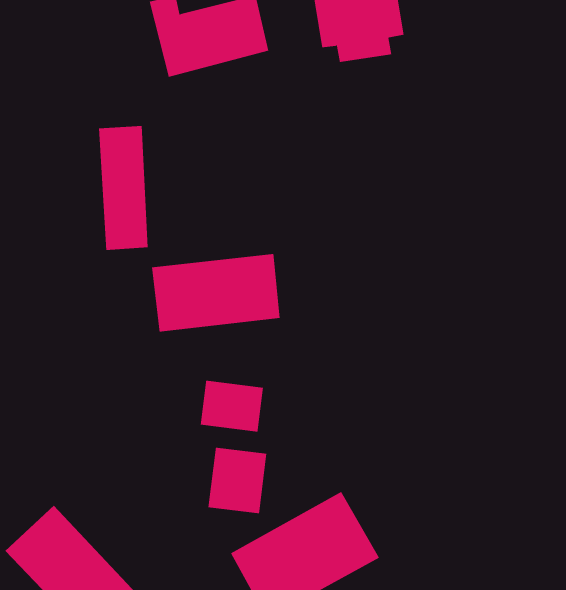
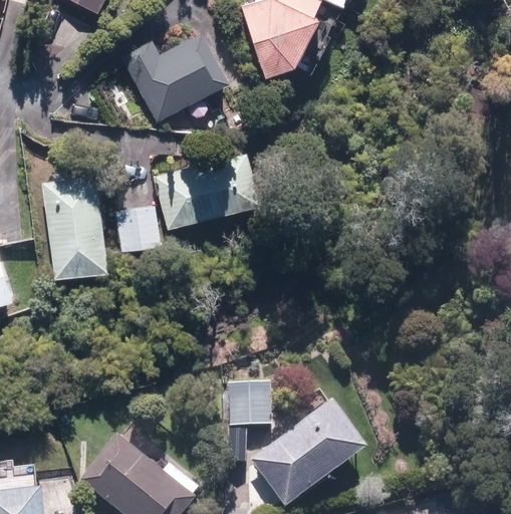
building: none -> [44,178,104,270]
building: [151,253,281,332] -> [155,152,258,224]
building: [200,380,264,432] -> none

